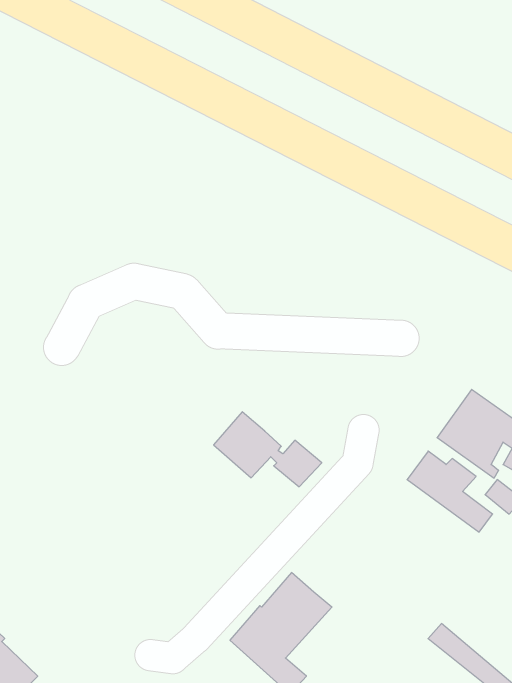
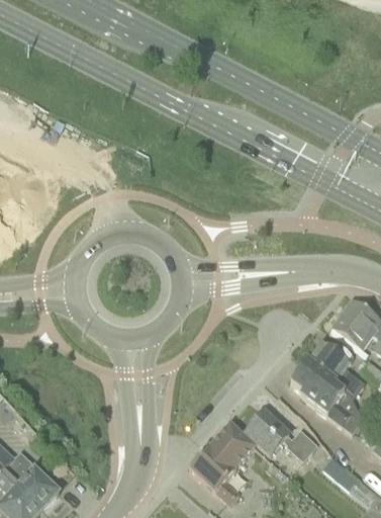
building: [214,412,322,487] -> [245,411,317,461]
building: none -> [289,359,363,432]

